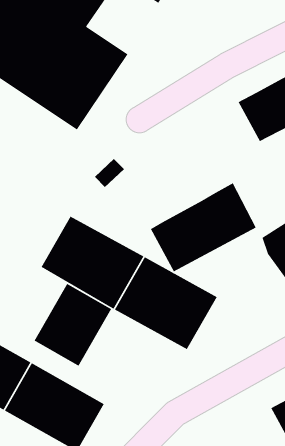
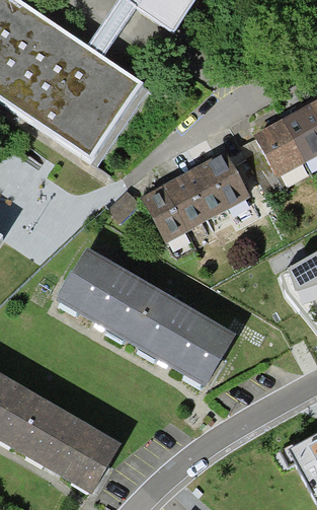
building: [150,182,257,272] -> [143,149,252,241]
building: [34,283,112,367] -> none

